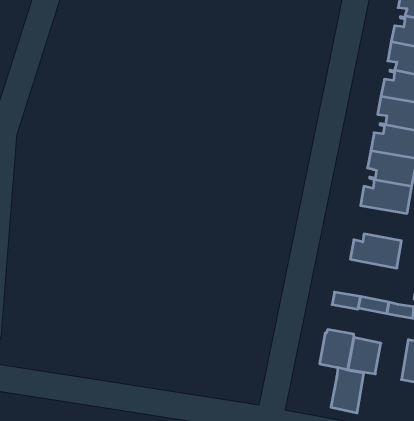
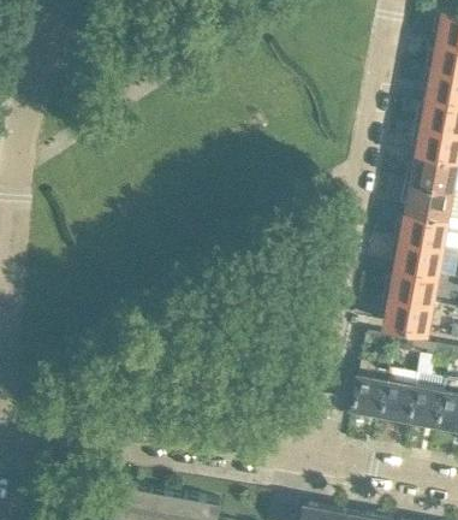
building: none -> [389,243,442,280]
building: none -> [380,300,432,337]
building: [331,367,364,413] -> [409,379,444,427]

